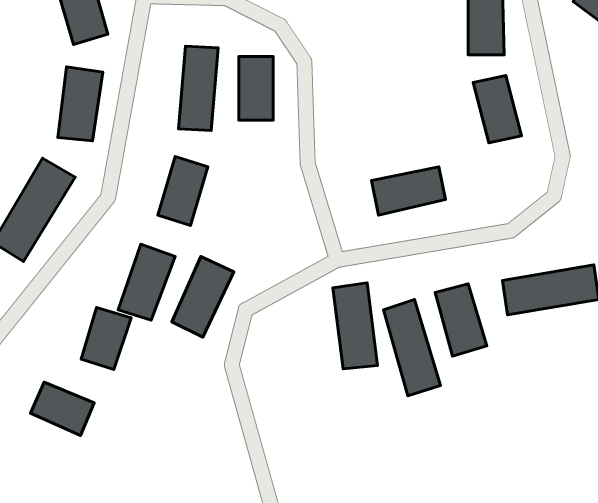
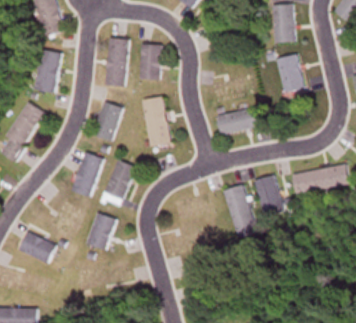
building: [333,283,378,369] -> [144,96,170,146]
building: [81,308,131,370] -> [87,213,116,249]

